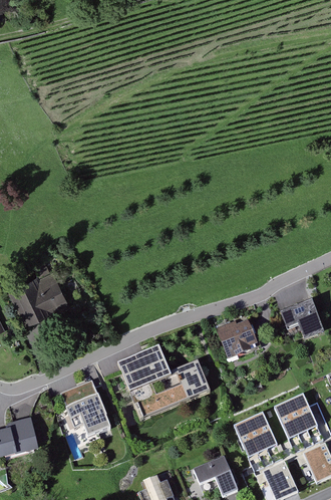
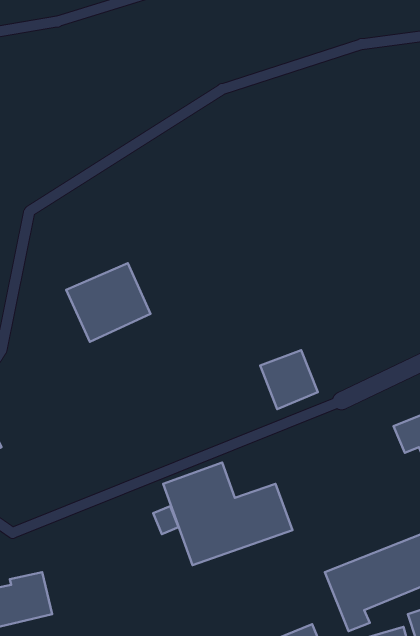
building: [8,272,68,328] -> [66,263,150,342]
building: [218,319,259,361] -> [260,350,318,409]
building: [60,380,110,435] -> none

